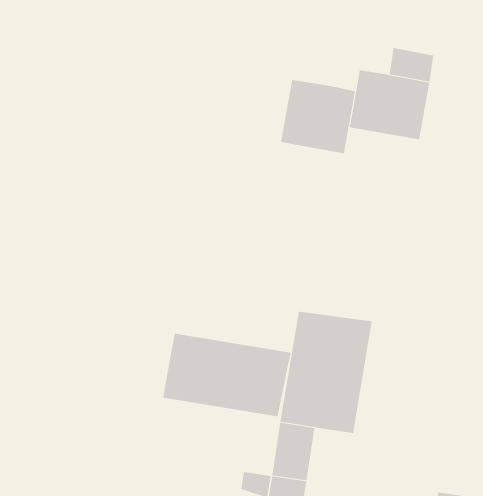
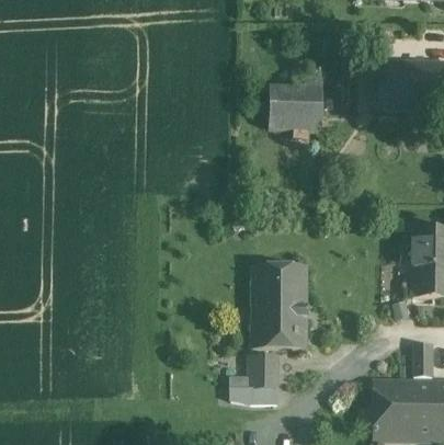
building: [281,79,355,154] -> none
building: [163,333,291,417] -> none

